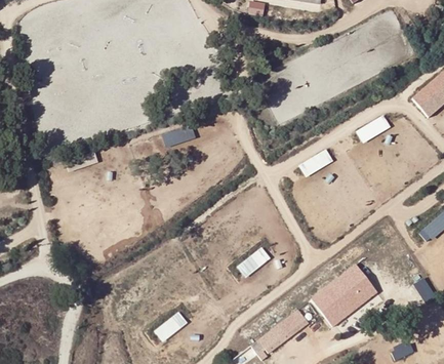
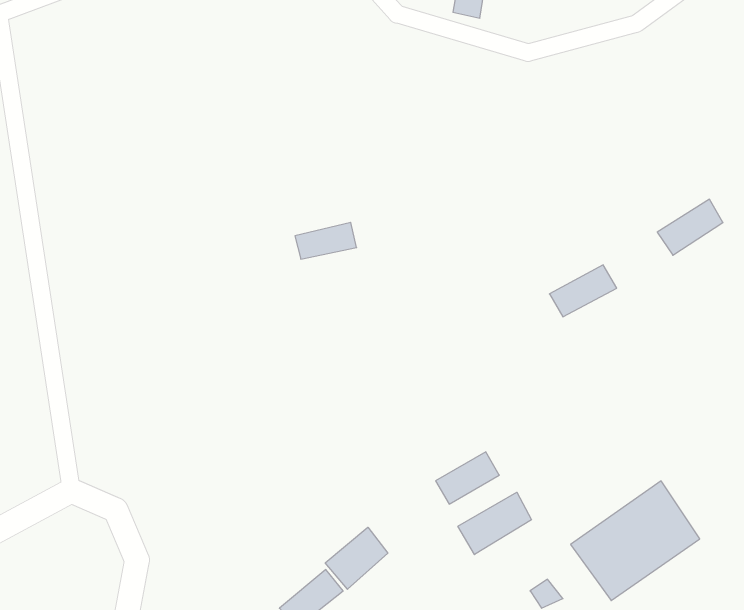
building: none -> [458,492,531,555]
building: none -> [325,527,388,589]

